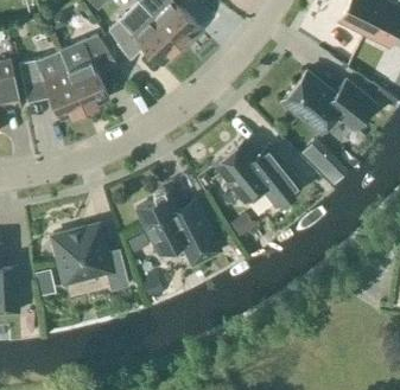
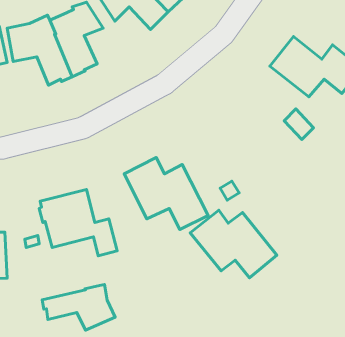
building: [215,140,301,207] -> [190,210,277,278]
building: none -> [42,285,115,330]

